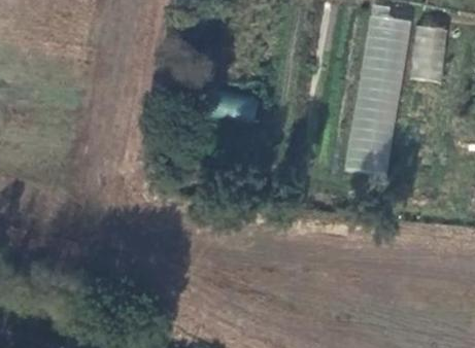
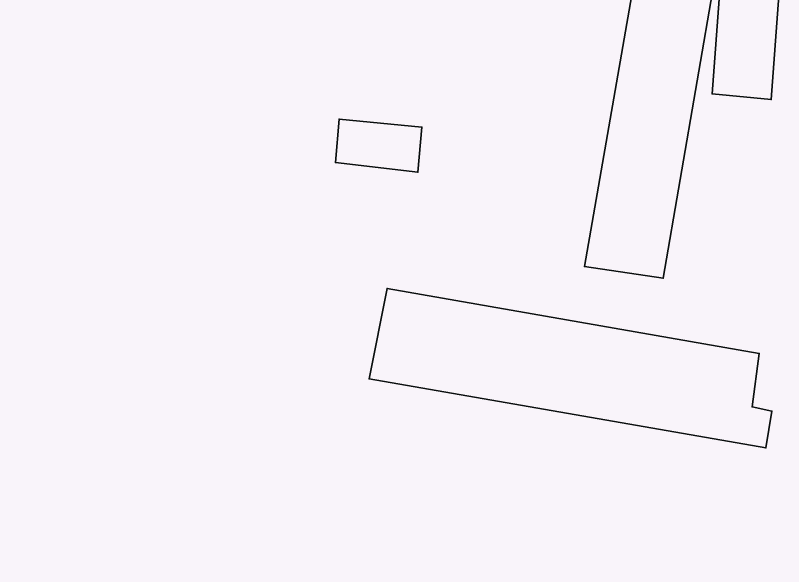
building: none -> [369,288,772,448]

